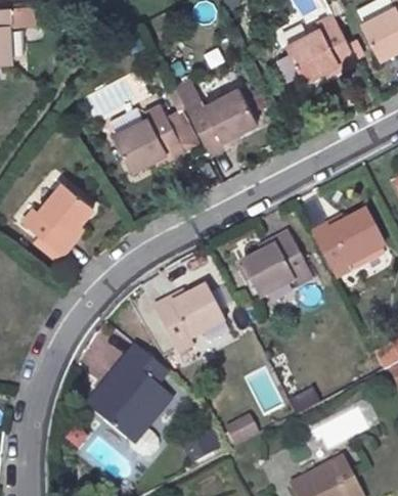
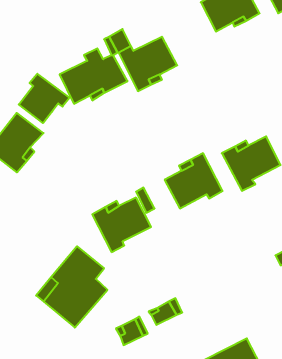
building: none -> [19,74,69,123]

